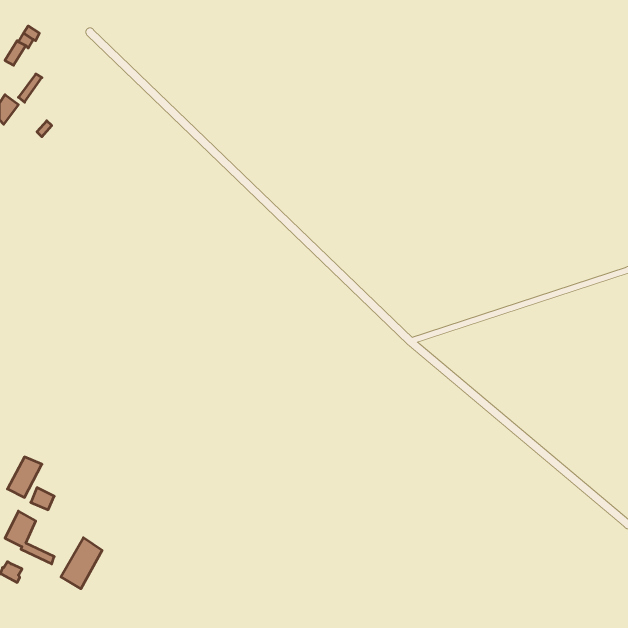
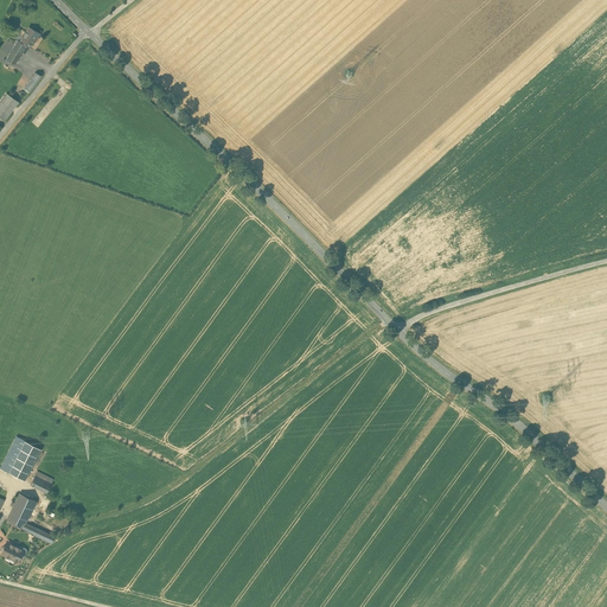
building: [61,538,102,589] -> none

